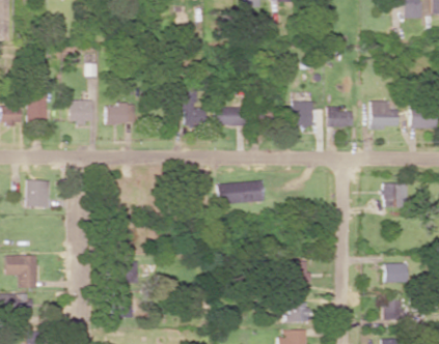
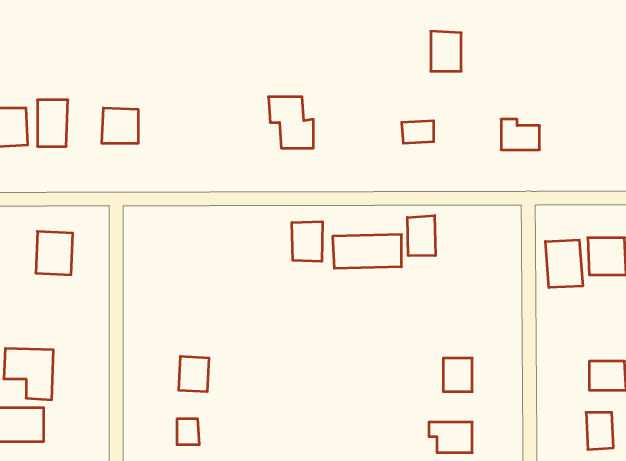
building: [294,101,313,126] -> [431,31,461,71]
building: [371,101,399,128] -> none
building: [106,104,135,123] -> none
building: [218,107,243,125] -> none
building: none -> [407,215,435,256]
building: none -> [292,222,322,261]
building: none -> [545,240,583,288]

